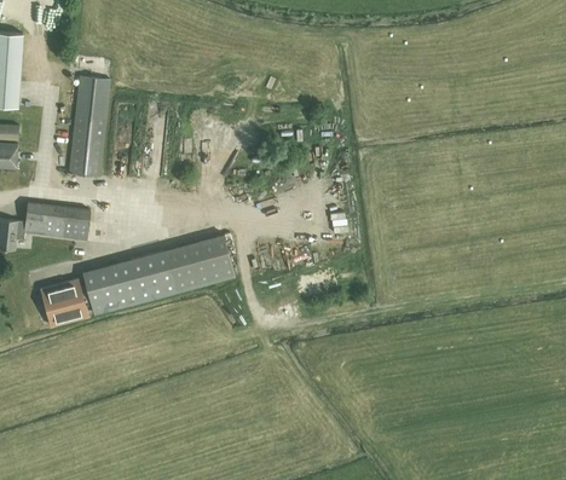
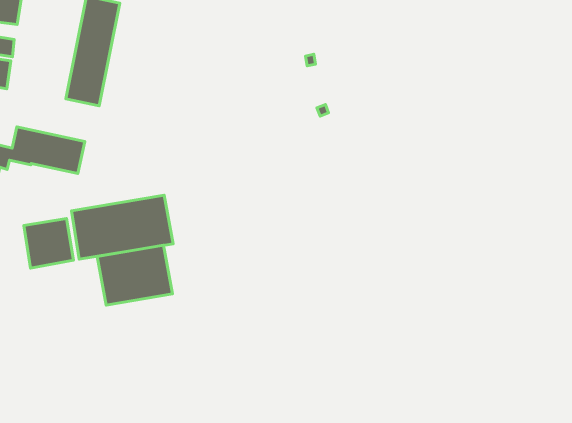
building: [164,235,235,293] -> [97,245,173,305]

